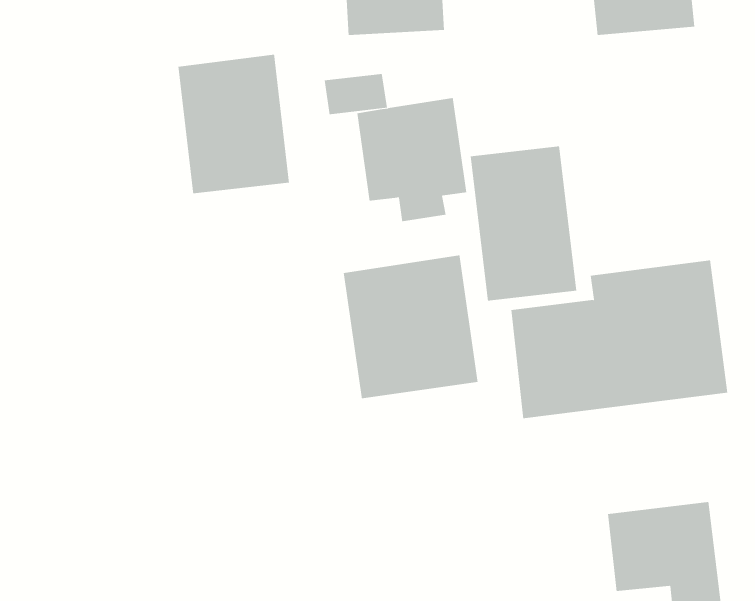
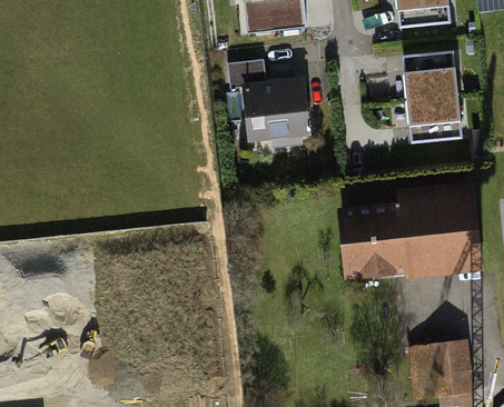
building: [178,54,290,194] -> none
building: [470,146,577,301] -> [402,47,471,147]
building: [343,254,478,399] -> none

